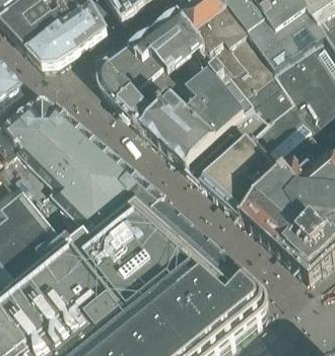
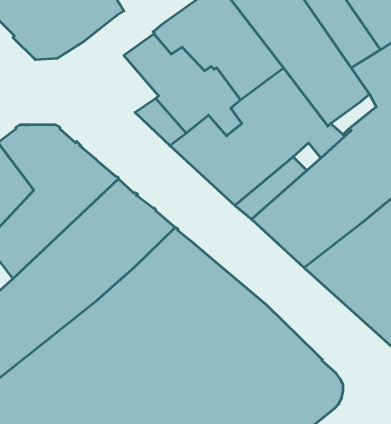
building: [98,59,132,100] -> none

